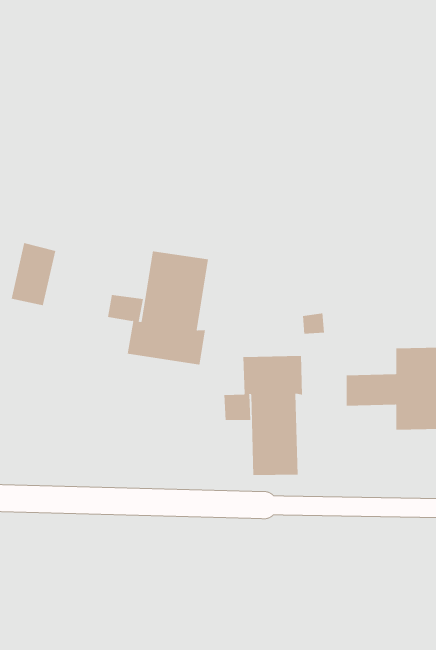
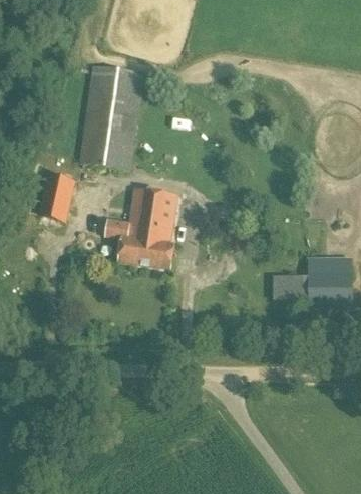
building: none -> [80,64,142,168]
building: [224,355,303,476] -> none

